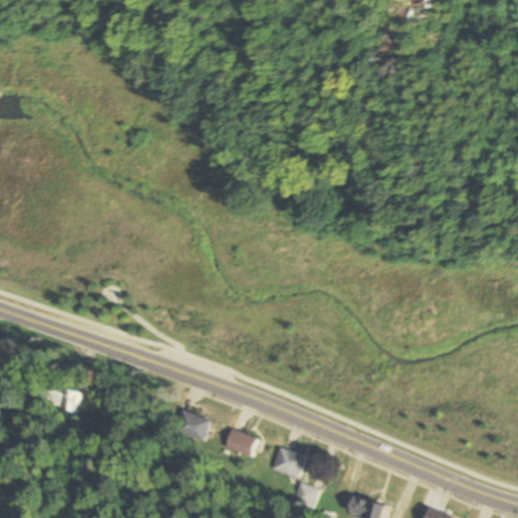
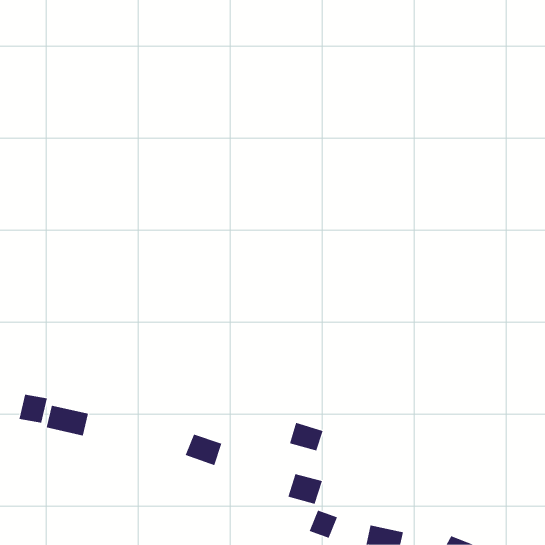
building: none -> [19,394,47,424]
building: [225,429,257,456] -> [289,422,323,451]

